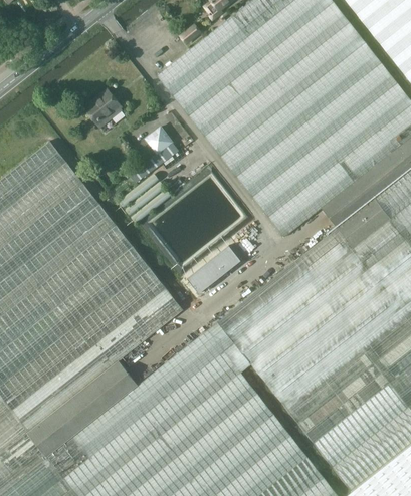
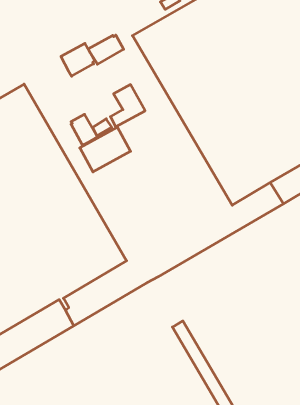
building: none -> [88,35,124,64]
building: none -> [71,114,97,145]
building: [187,246,240,293] -> none

